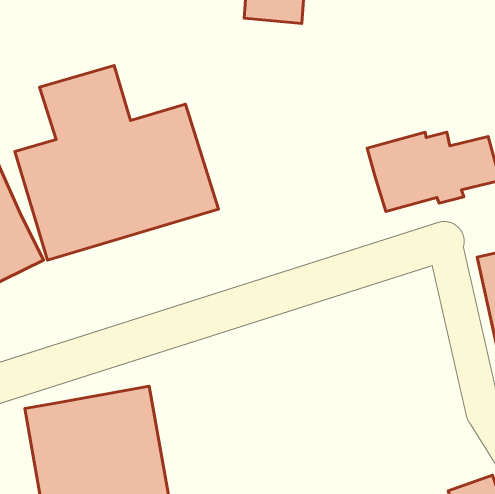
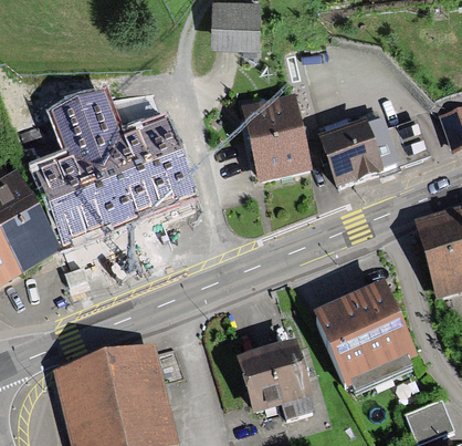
building: none -> [241,95,311,181]
building: none -> [314,281,417,392]
building: none -> [238,341,315,417]

